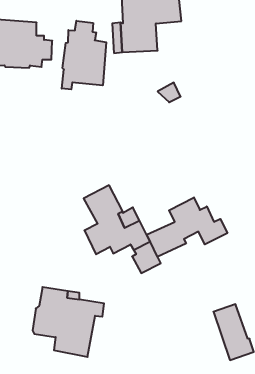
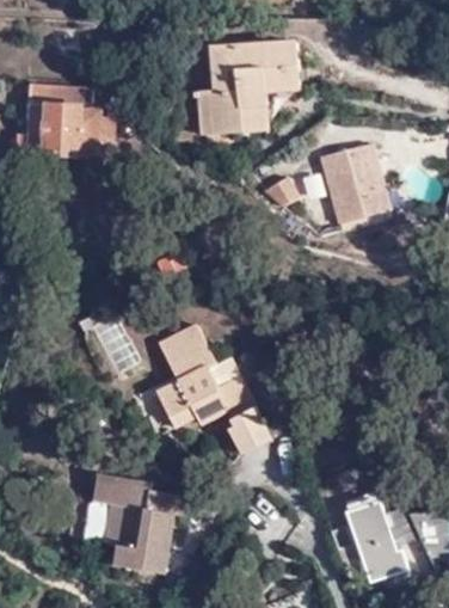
building: [62,21,106,89] -> none
building: none -> [321,142,388,221]
building: [147,197,227,257] -> none

